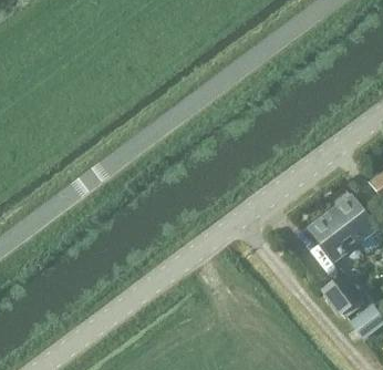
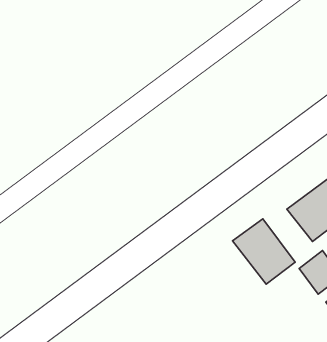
building: none -> [233,219,295,284]

